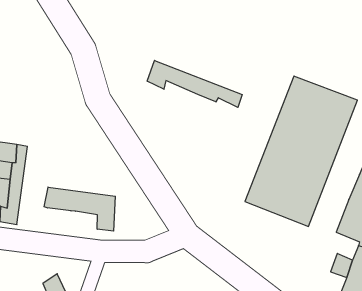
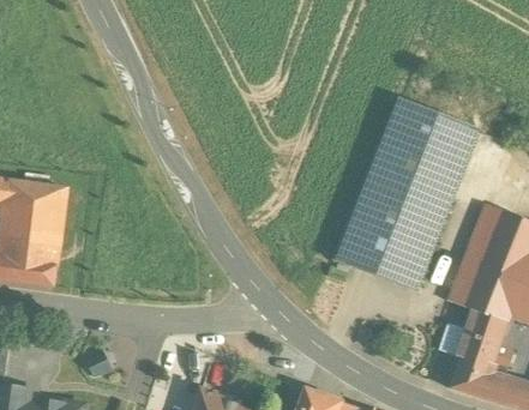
building: [147,60,242,107] -> none
building: [44,187,115,231] -> none

